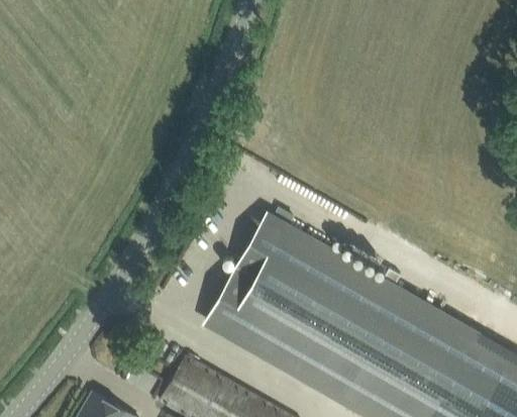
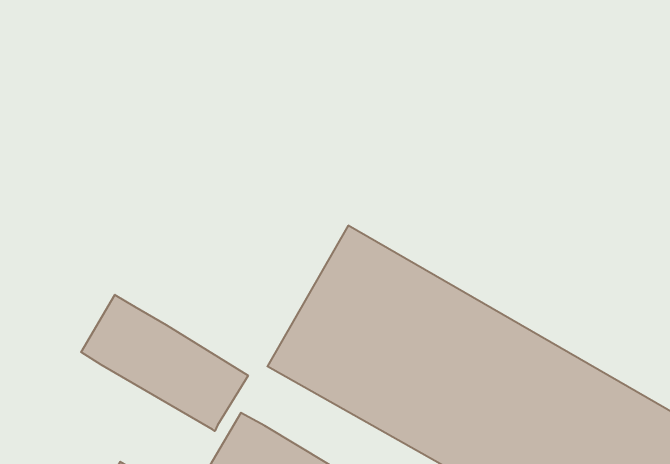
building: none -> [81,295,248,431]

